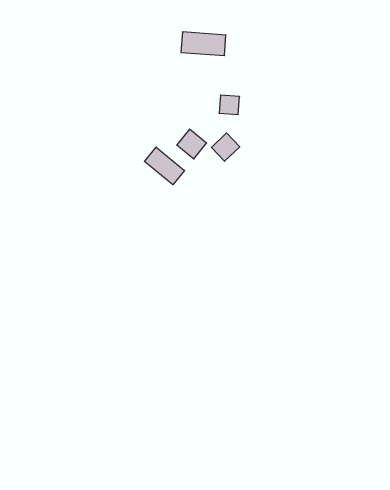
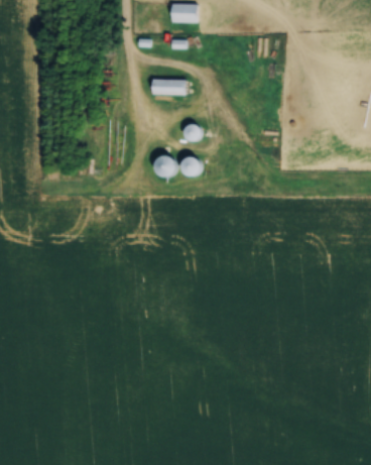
building: [144,147,185,185] -> none

